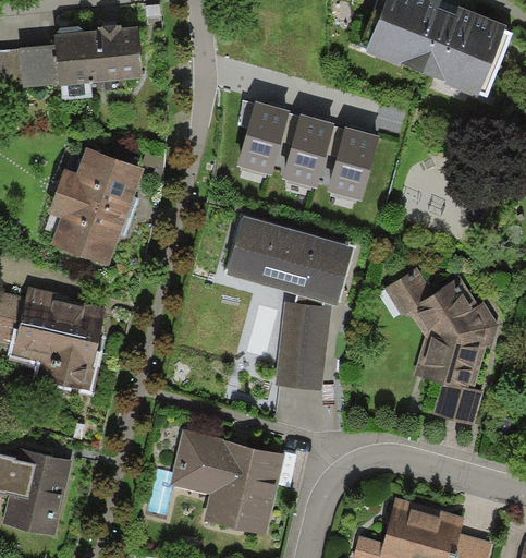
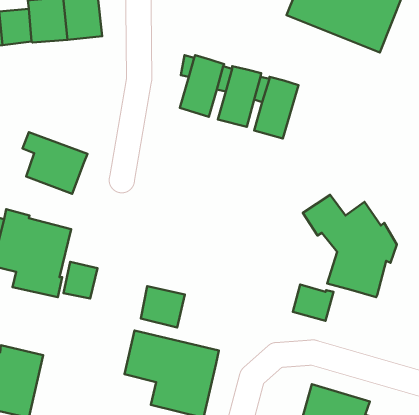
building: [54,147,144,219] -> none
building: [227,218,353,392] -> none
building: none -> [63,262,97,298]
building: none -> [141,286,185,327]
building: [433,383,482,426] -> [293,285,333,321]

